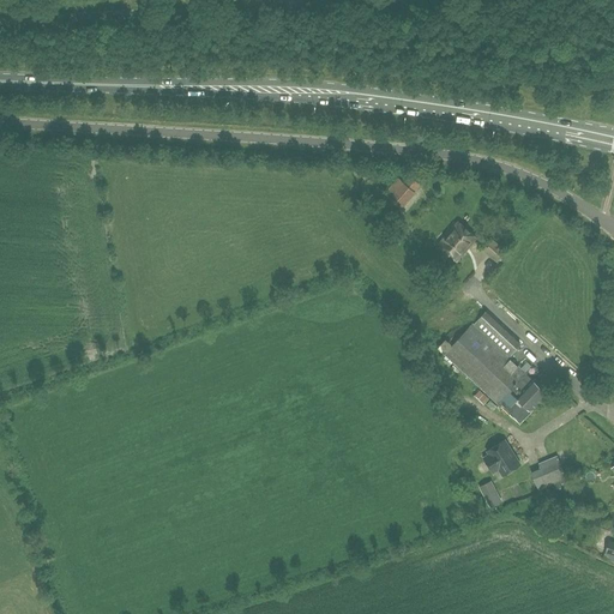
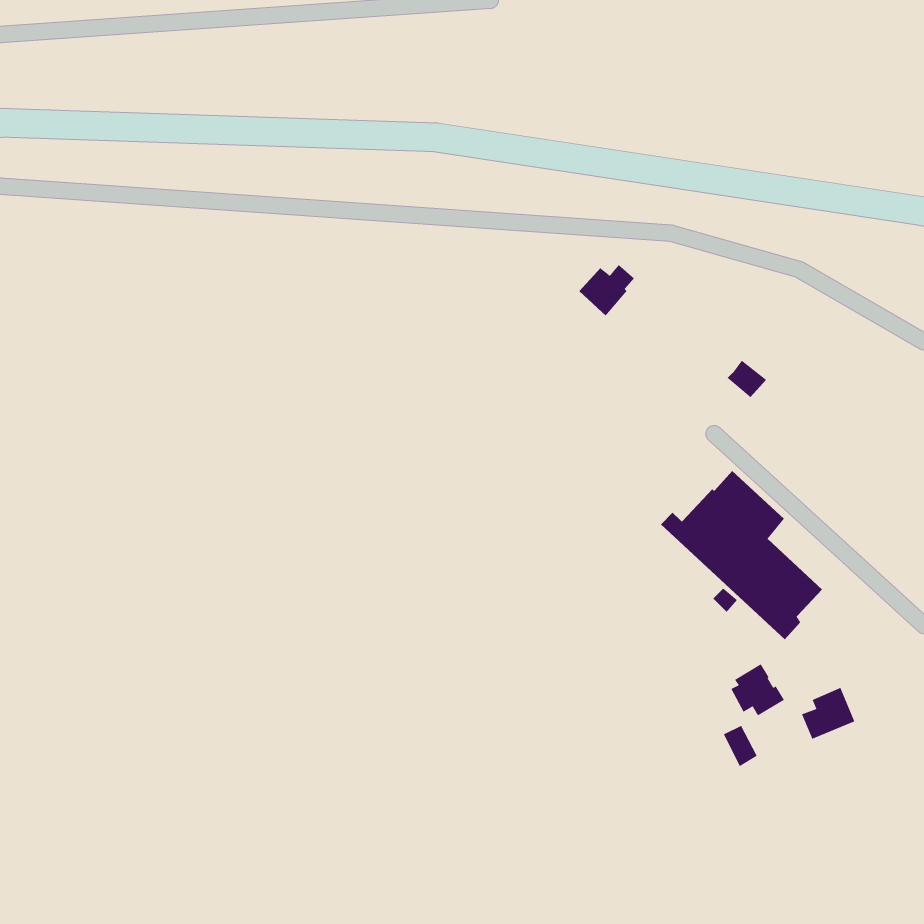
building: [438,222,477,261] -> none

